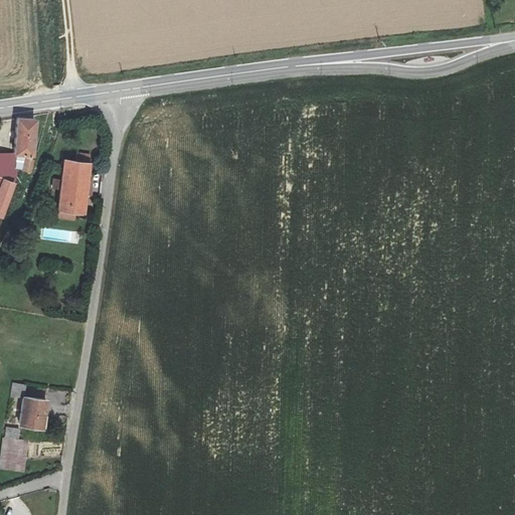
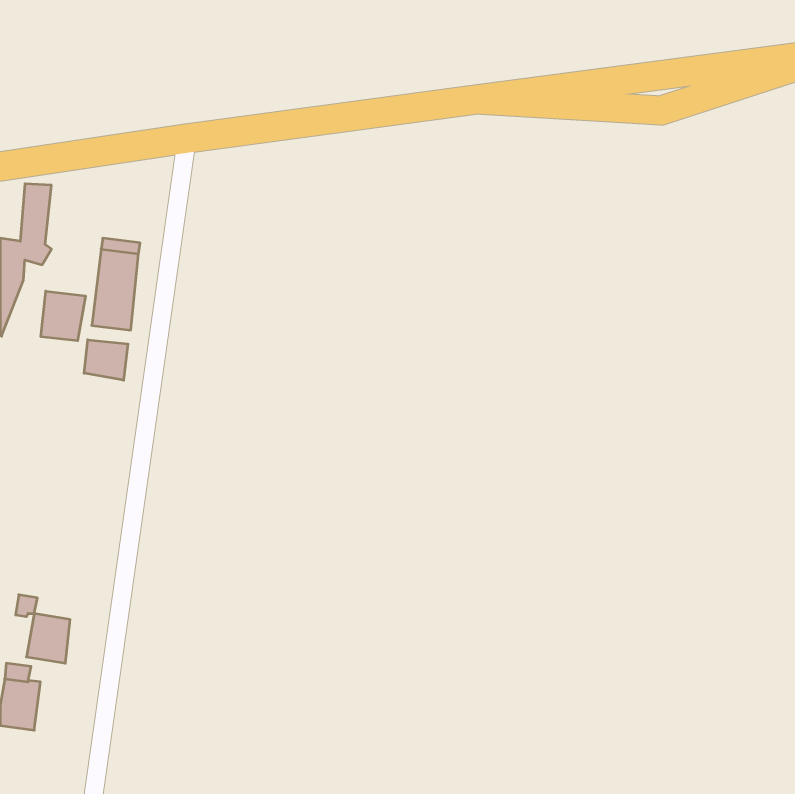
building: none -> [41,291,85,341]
building: none -> [84,340,128,380]

